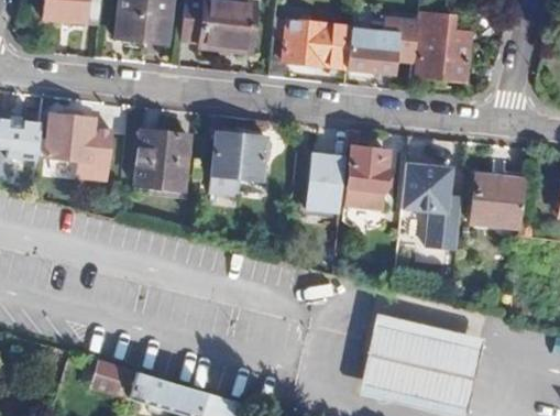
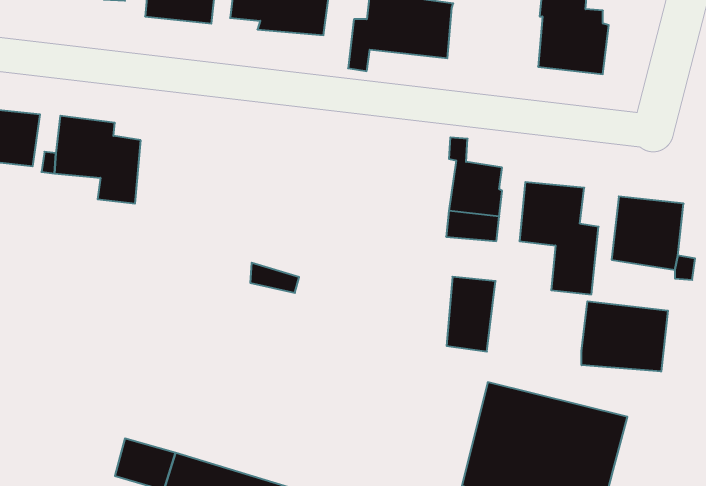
building: [347,31,396,74] -> none
building: [209,132,267,197] -> none
building: [135,133,189,190] -> none
building: [309,154,347,211] -> [447,277,496,352]
building: none -> [582,301,668,372]

